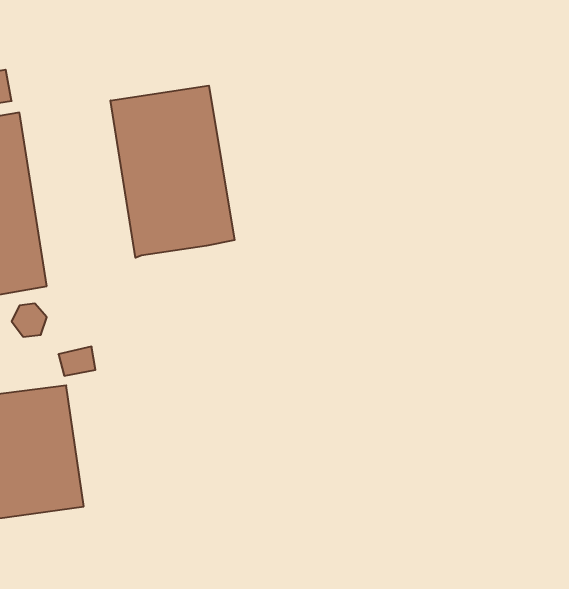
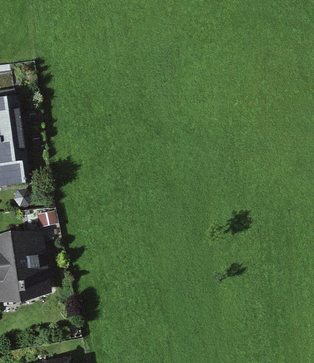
building: [111,86,235,258] -> none

